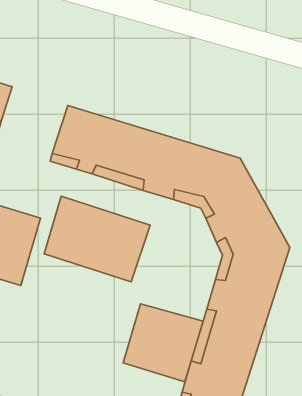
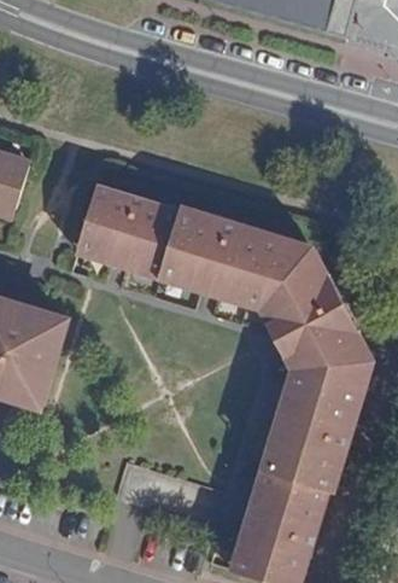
building: [44,196,150,282] -> none
building: [123,304,203,382] -> none

